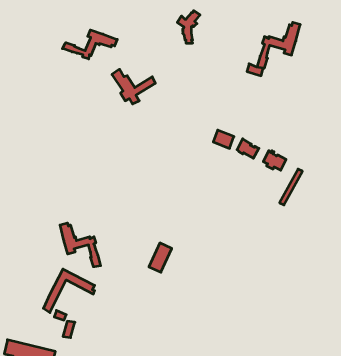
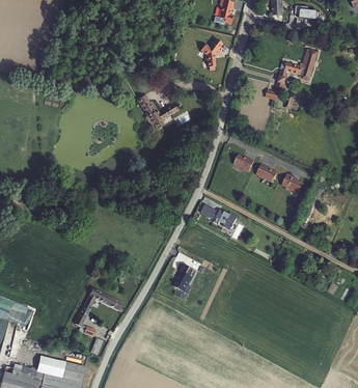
building: [62,30,117,59] -> none
building: none -> [199,203,237,231]
building: [60,223,101,267] -> none

